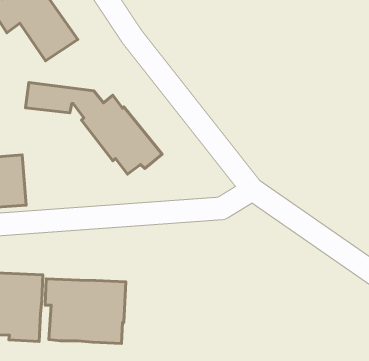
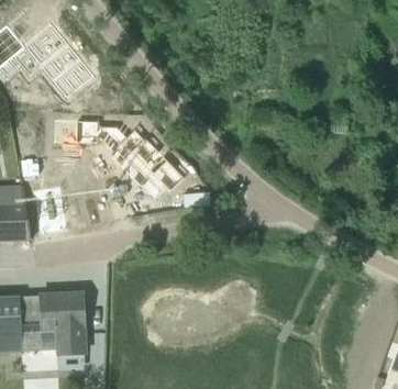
building: [45,279,126,343] -> none

